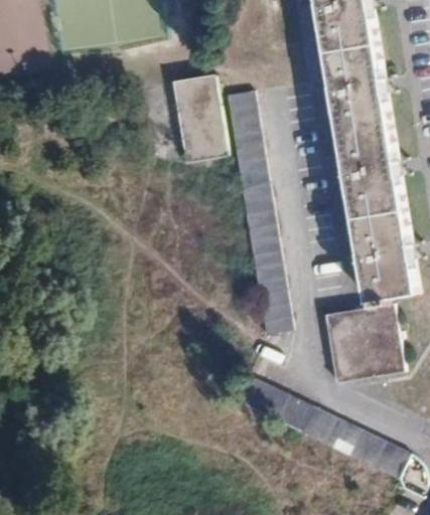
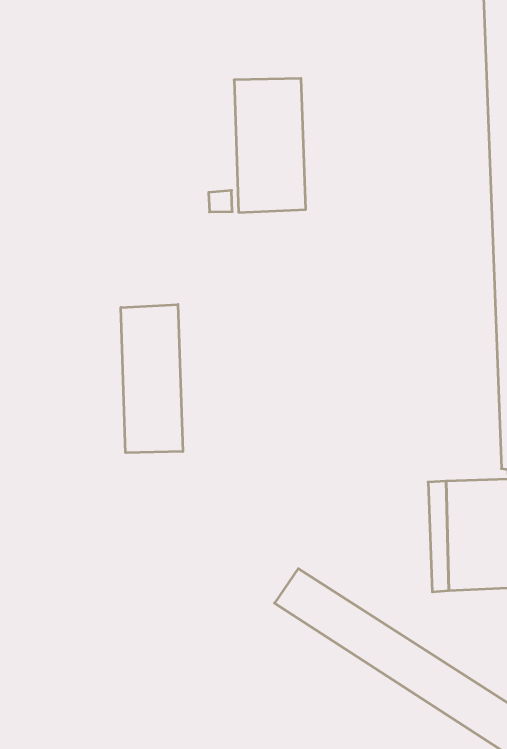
building: [226,90,291,333] -> none
building: none -> [121,304,183,453]

